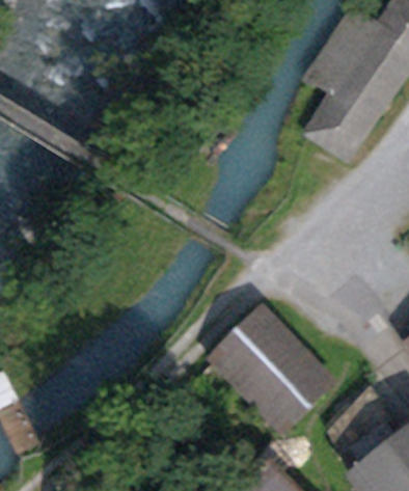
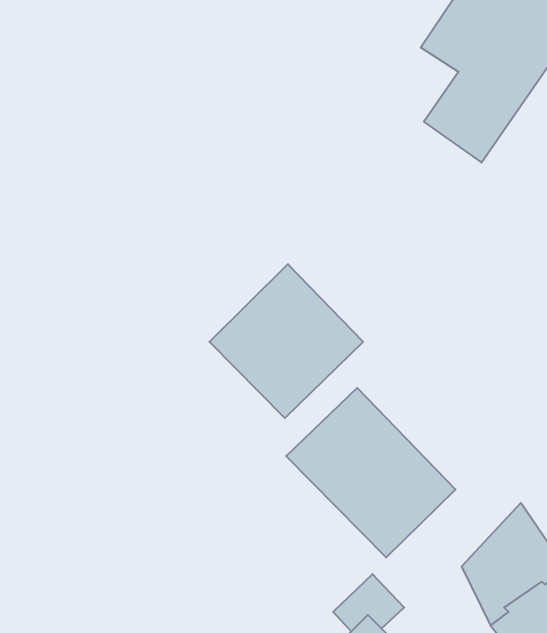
building: none -> [209,264,363,418]

